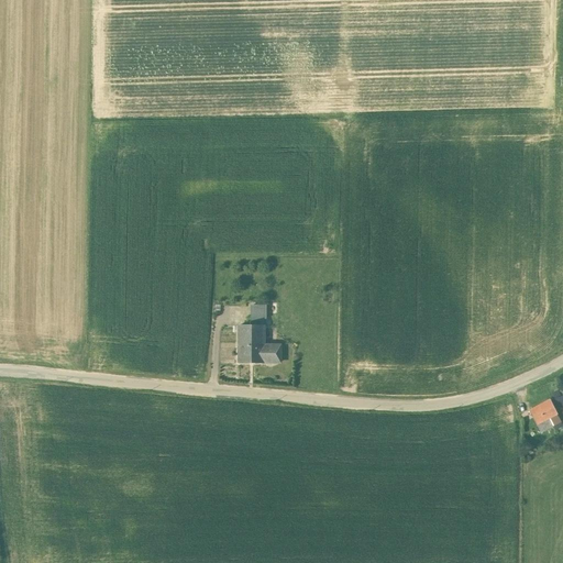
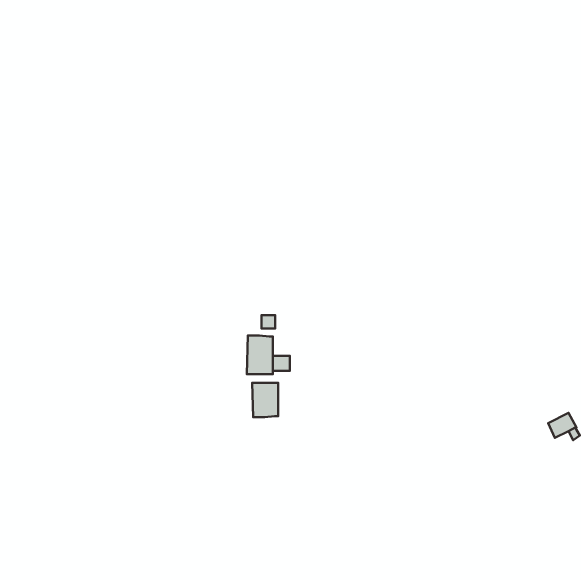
building: none -> [252,383,278,417]

